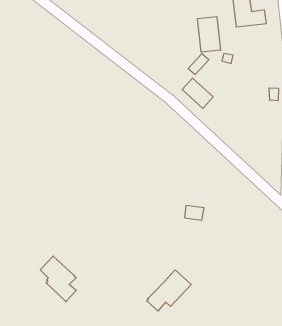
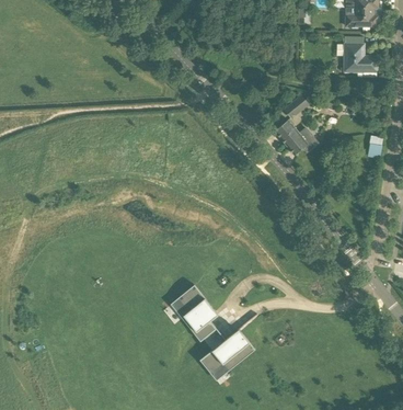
building: [198,17,221,52] -> none
building: [40,256,76,302] -> [180,287,218,340]

